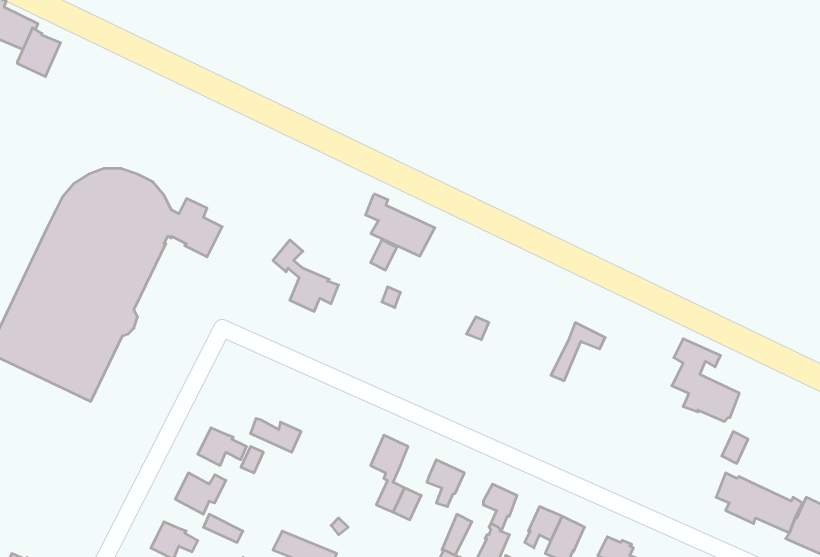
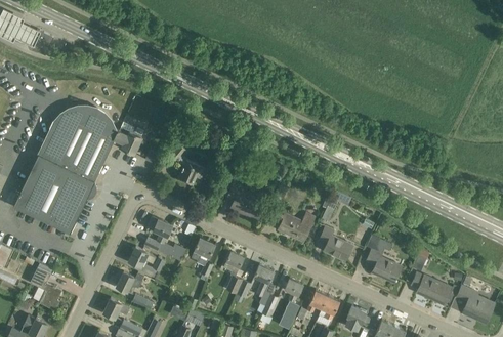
building: [365,194,435,256] -> [226,186,264,220]
building: [672,339,739,421] -> [365,236,402,281]
building: none -> [274,208,313,241]
building: none -> [143,216,171,250]
building: none -> [319,226,352,259]
building: none -> [191,238,214,277]
building: none -> [29,267,61,310]

